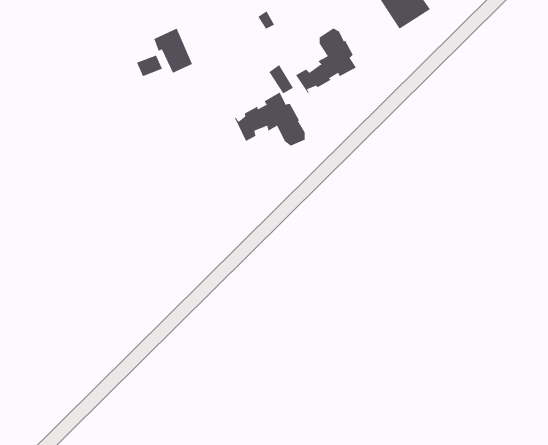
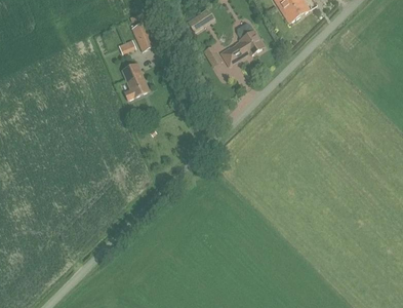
building: none -> [122,63,149,100]
building: [234,92,305,146] -> none

